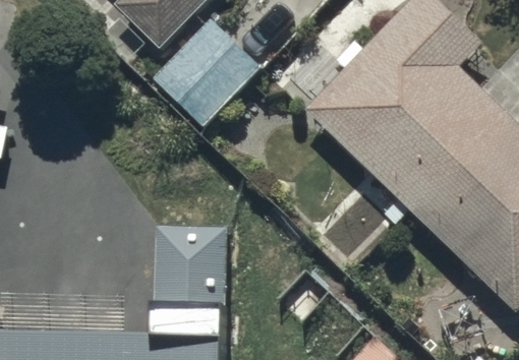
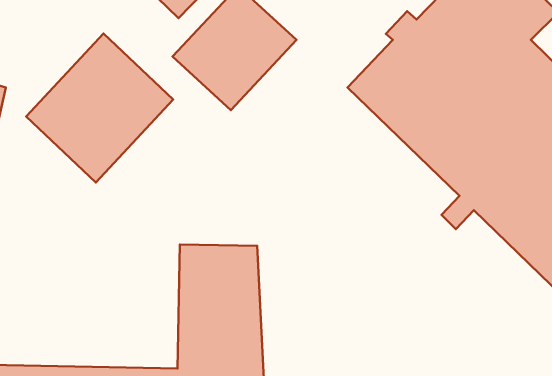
building: none -> [26,33,173,183]

